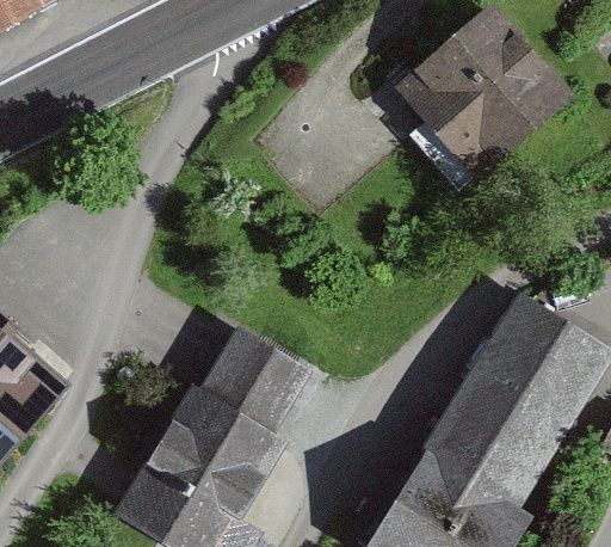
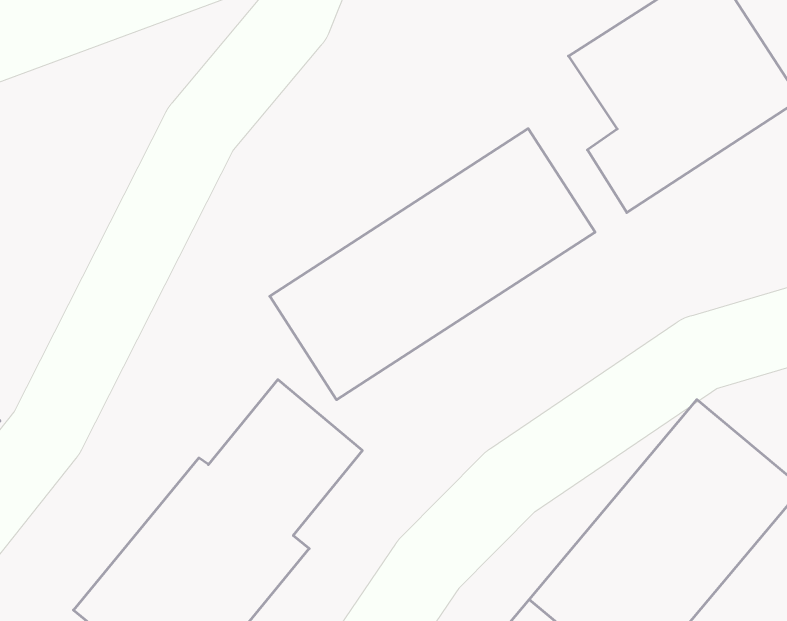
building: none -> [270,129,595,400]

